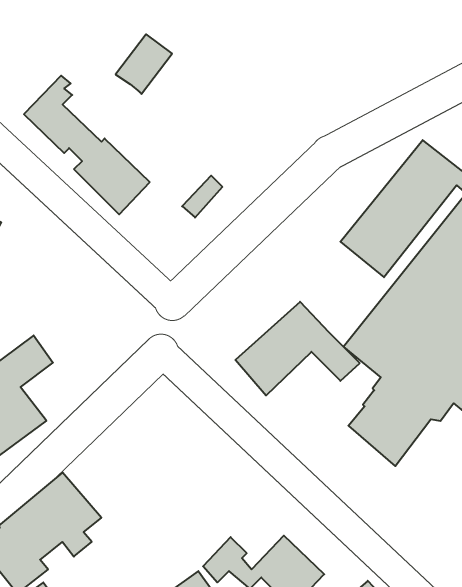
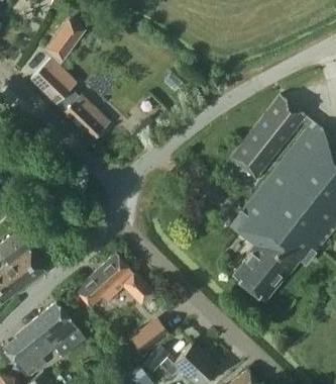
building: [116,34,172,94] -> [45,23,81,61]
building: [235,302,360,395] -> [76,254,153,312]
building: none -> [130,317,170,355]

